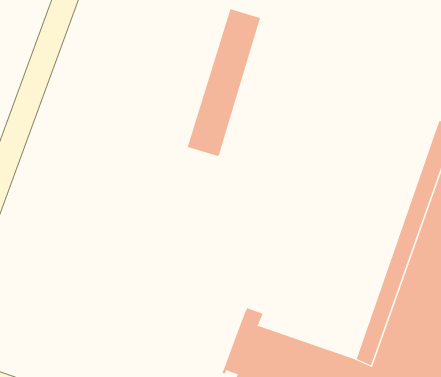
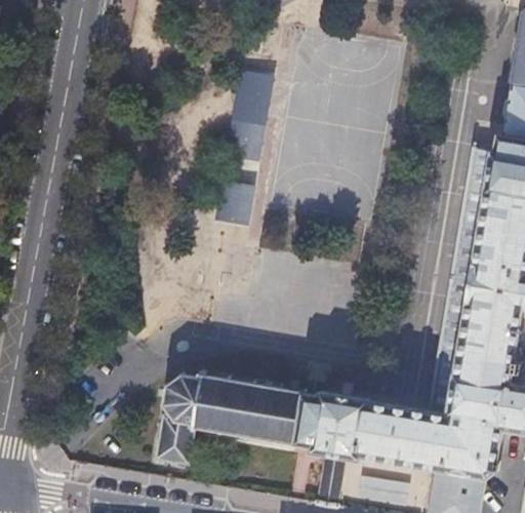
building: none -> [159,372,307,467]

